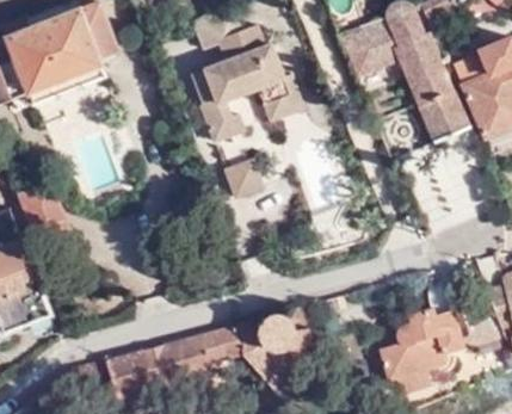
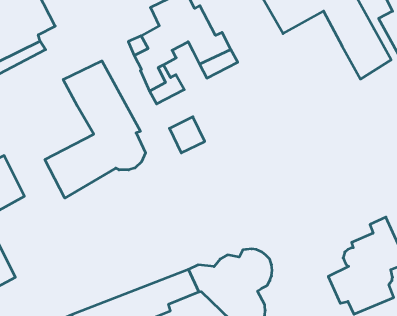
building: none -> [45,61,146,198]

